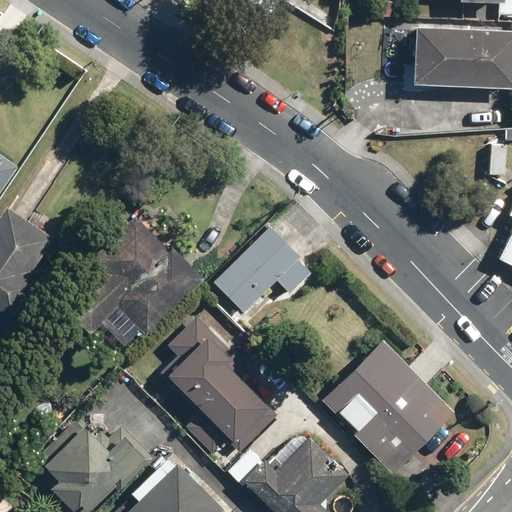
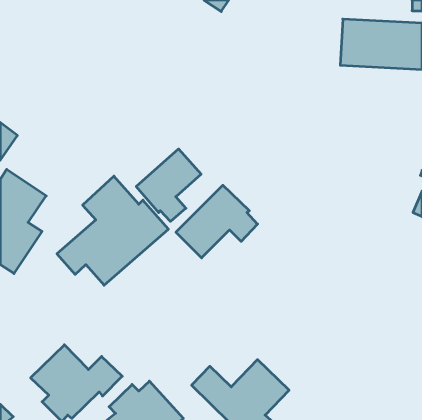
building: none -> [136,149,201,221]
building: [157,320,270,441] -> none
building: [319,341,452,473] -> none

